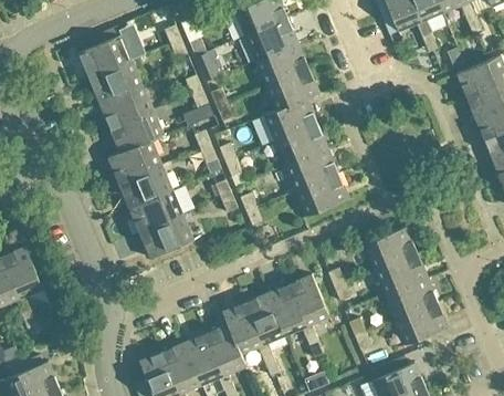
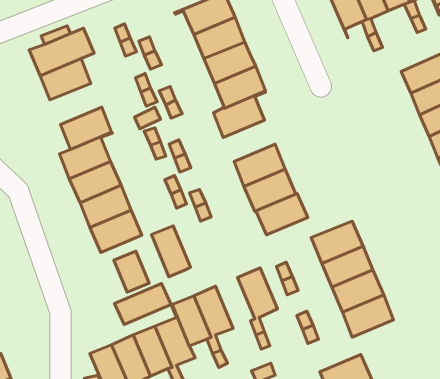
building: [98,85,151,127] -> none
building: [275,123,328,165] -> [256,194,308,235]
building: none -> [114,251,149,292]
building: [267,283,307,335] -> [151,226,190,277]
building: none -> [115,284,171,324]

